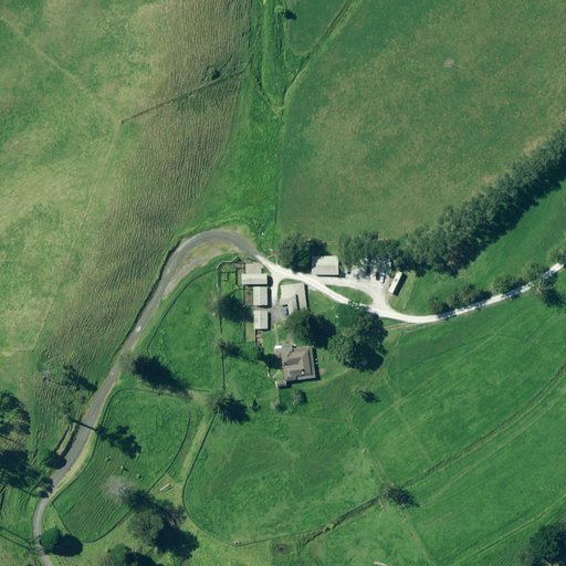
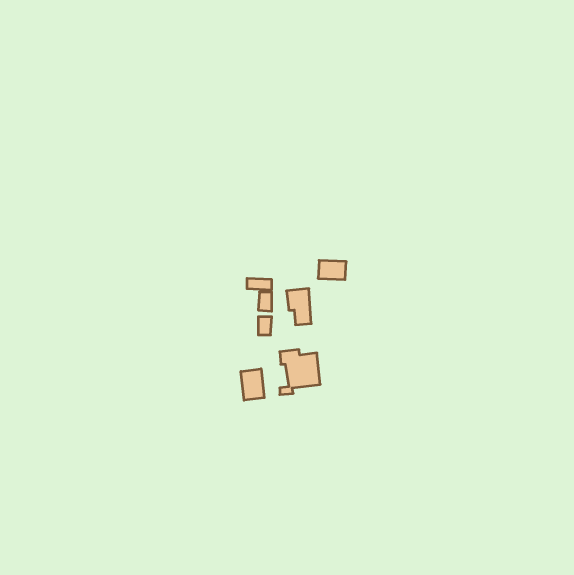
building: none -> [241,369,264,400]

